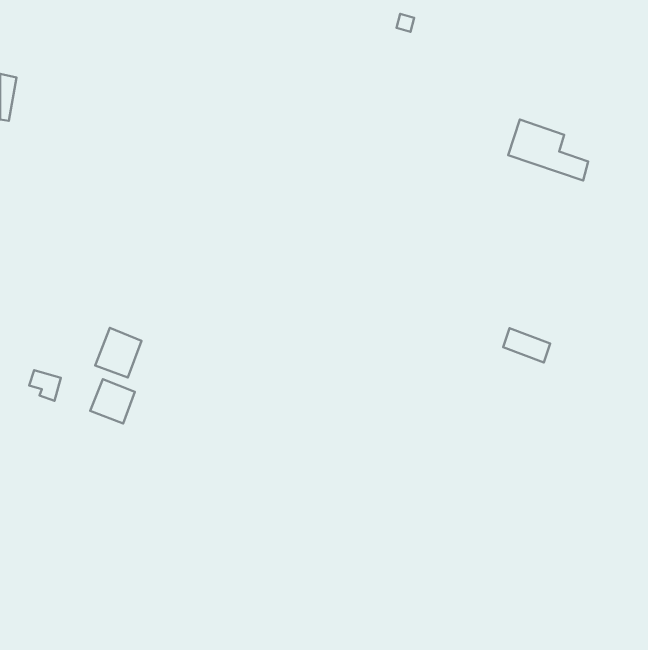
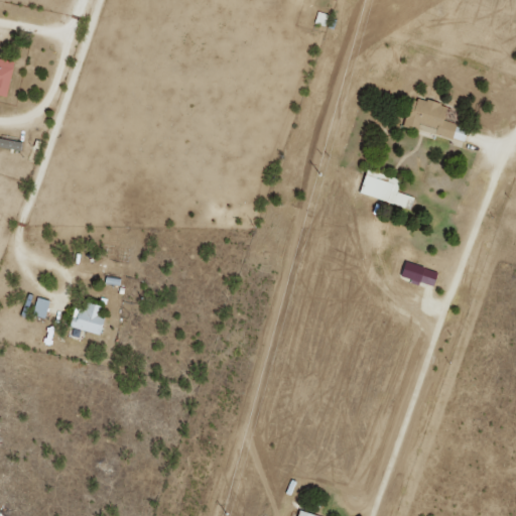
building: none -> [359,175,411,208]
building: [95,328,142,377] -> none

